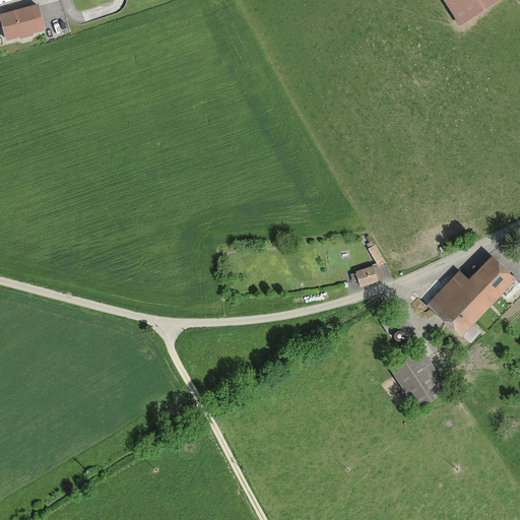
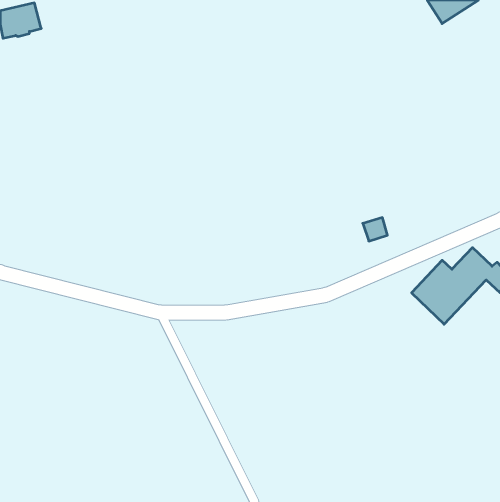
building: [354,264,380,288] -> [363,218,387,241]
building: [390,347,448,412] -> none

